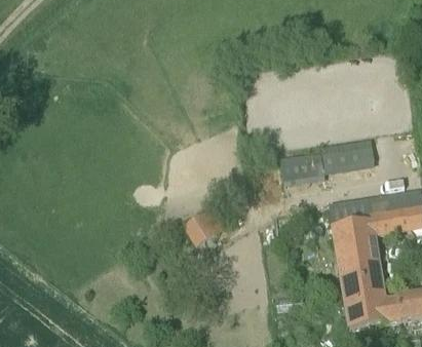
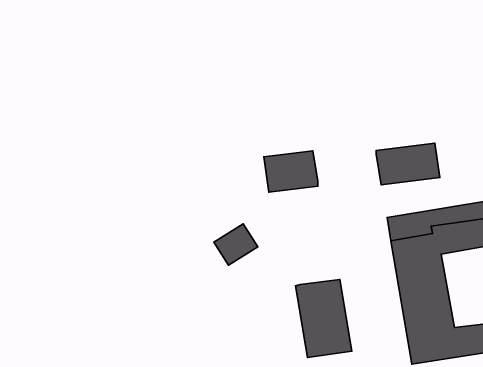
building: [279,150,324,185] -> [264,151,318,192]
building: none -> [296,279,352,358]

